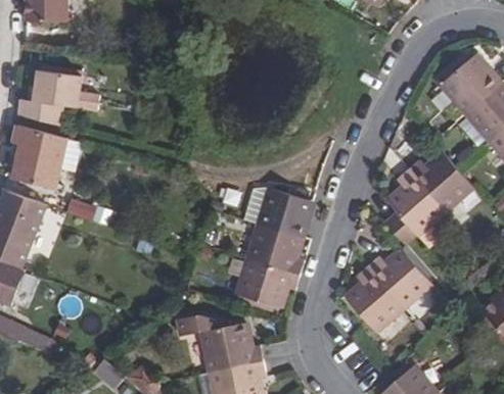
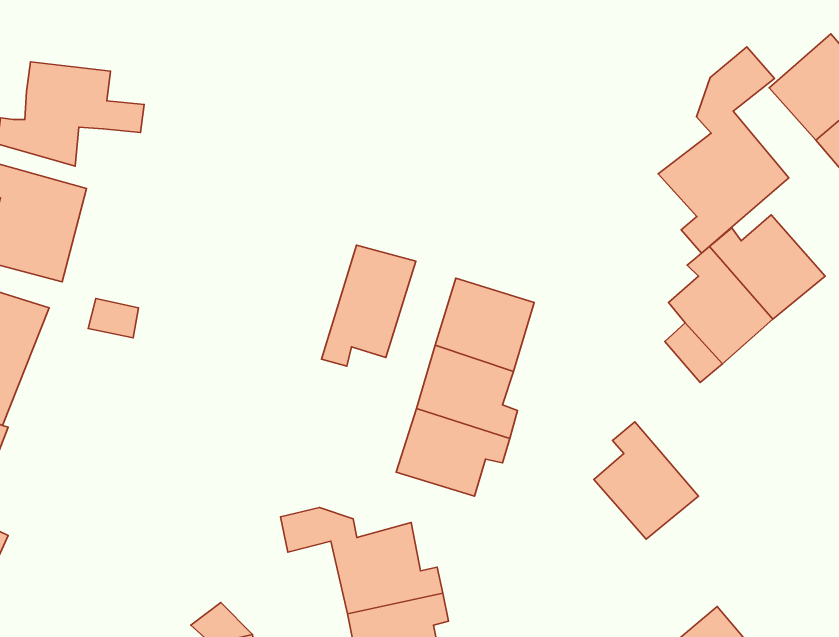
building: none -> [658,47,789,253]
building: none -> [321,245,416,366]
building: [367,249,429,307] -> none

